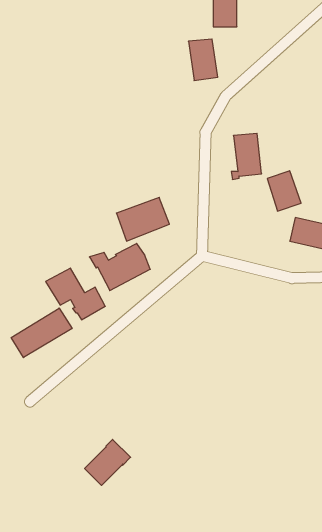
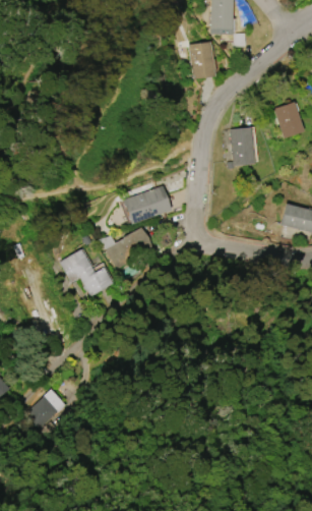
building: [267,171,301,211] -> [274,102,305,138]
building: [11,308,72,358] -> none
building: [85,439,131,485] -> [27,389,69,431]

